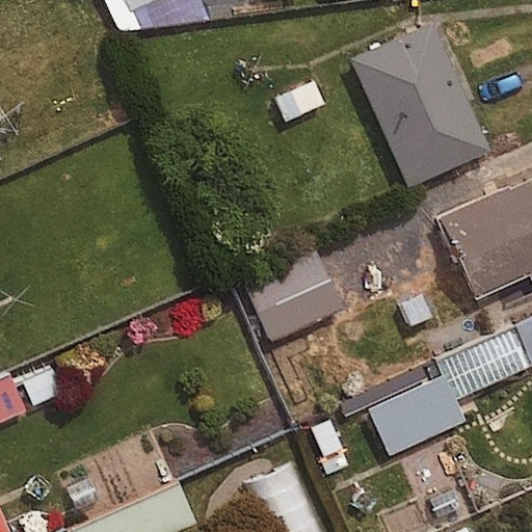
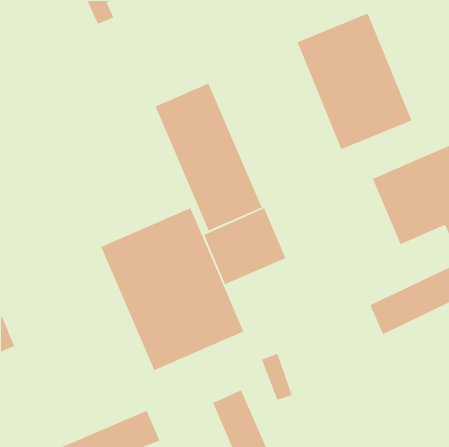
building: none -> [154,83,263,232]
building: none -> [100,207,245,371]
building: [369,374,462,454] -> none

